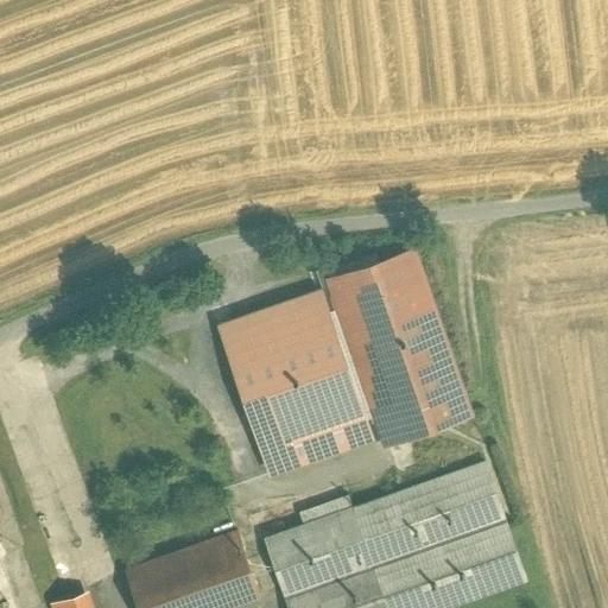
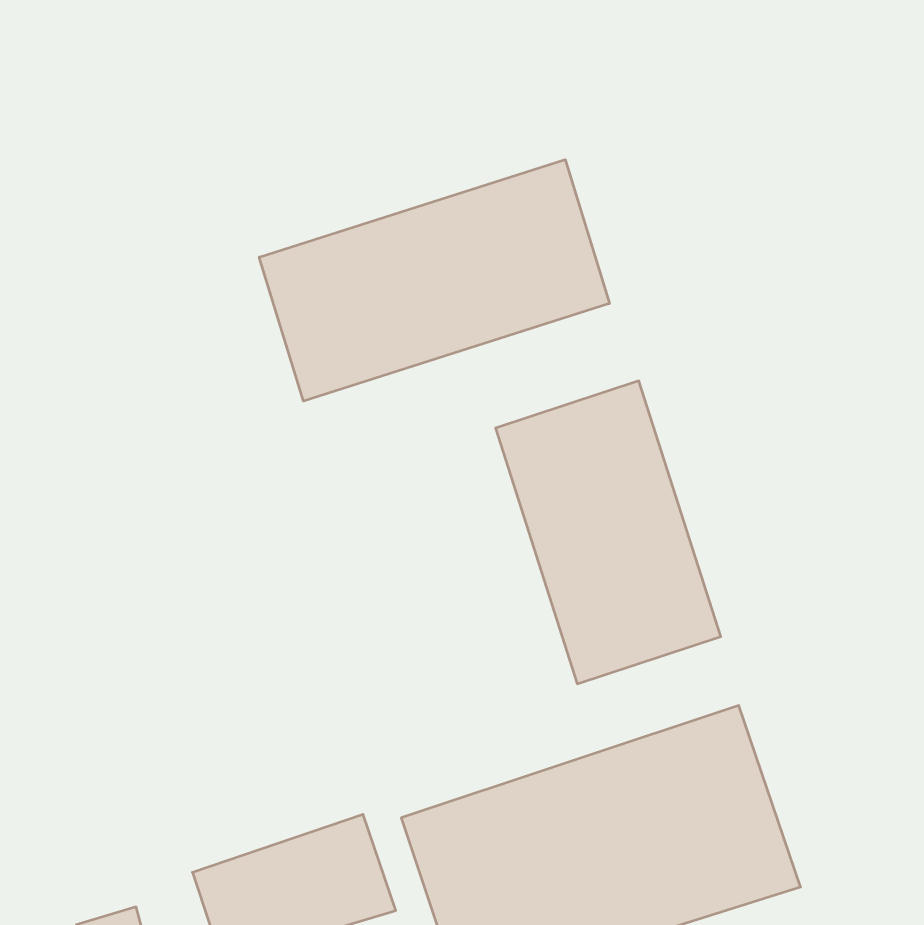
building: none -> [259,160,609,401]
building: [214,291,368,474] -> none

